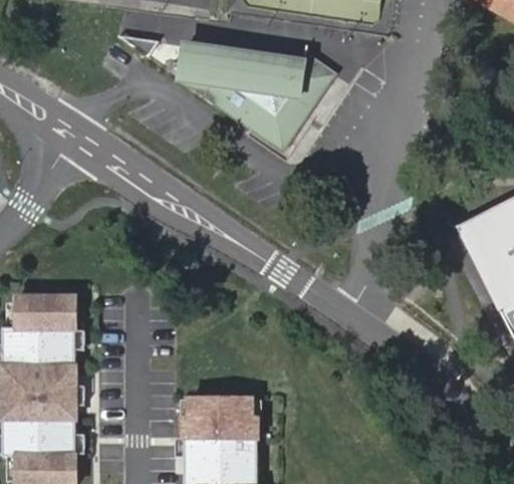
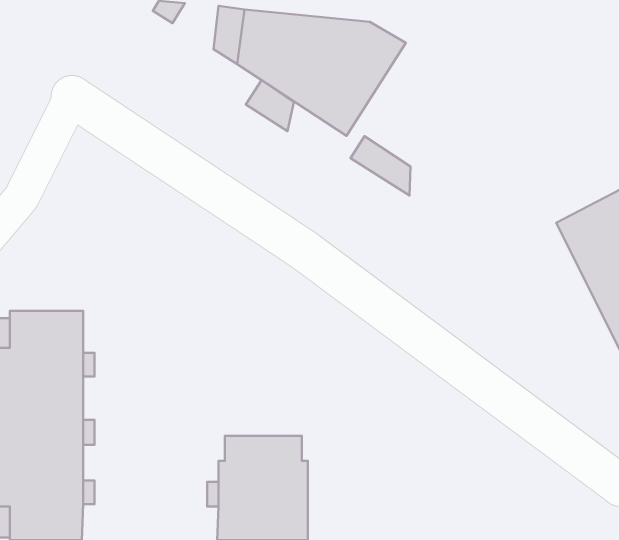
building: none -> [246,80,294,131]
building: none -> [351,136,411,196]

